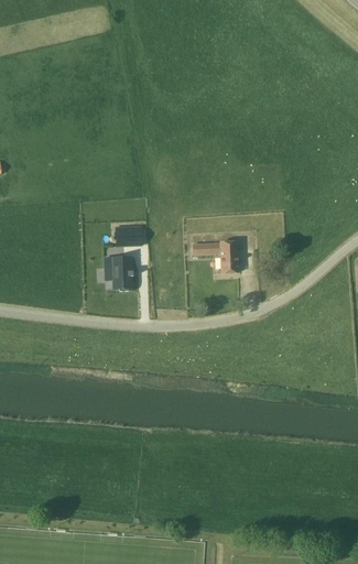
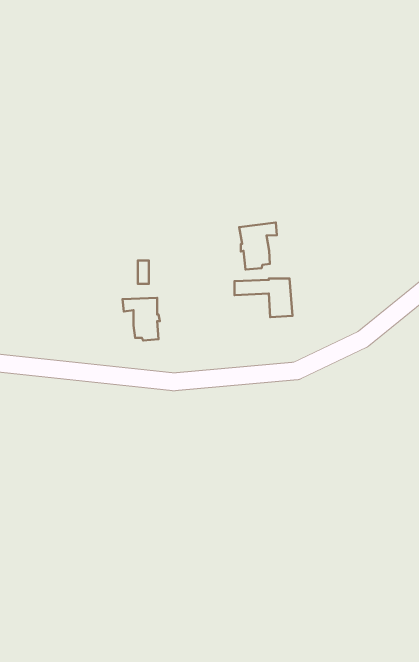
building: none -> [239,222,277,269]

